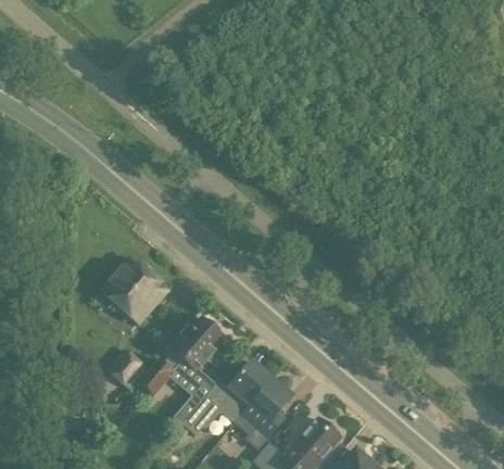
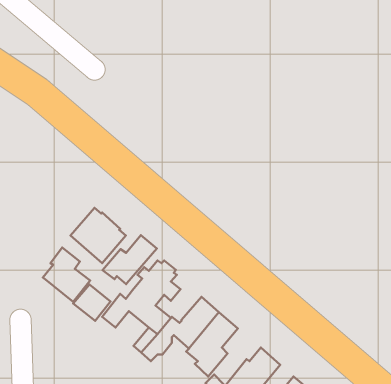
building: none -> [103,235,157,284]
building: none -> [43,247,90,302]

